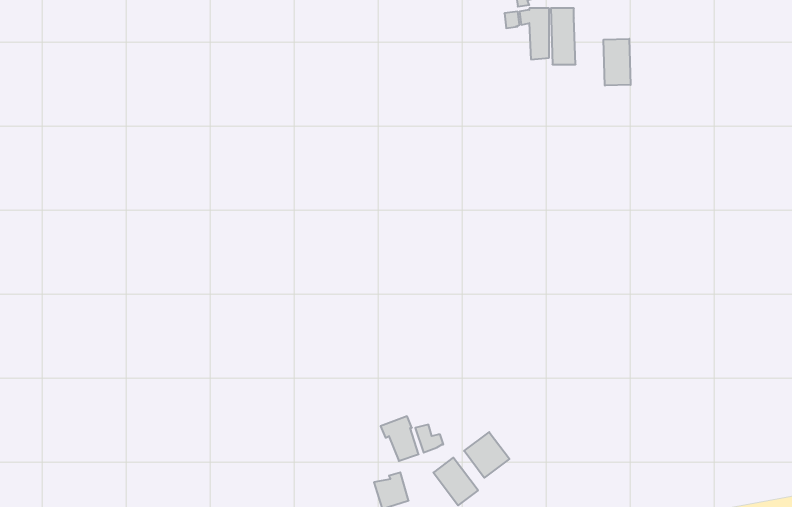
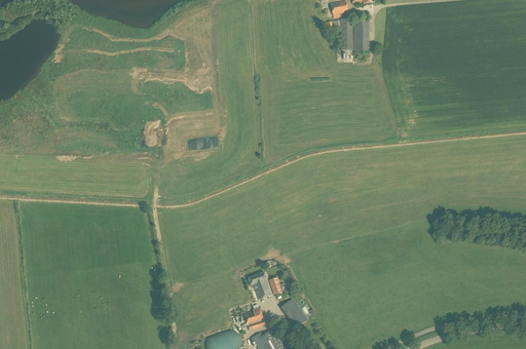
building: [604,39,631,86] -> none
building: [464,432,509,478] -> none

